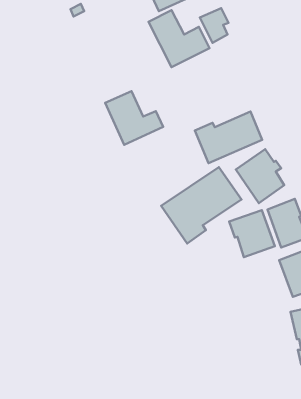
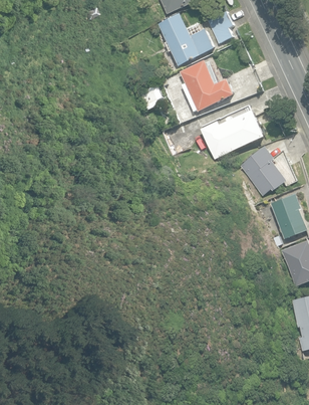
building: [105,91,163,145] -> [179,60,234,112]
building: [161,167,241,243] -> none
building: [229,210,275,257] -> none

